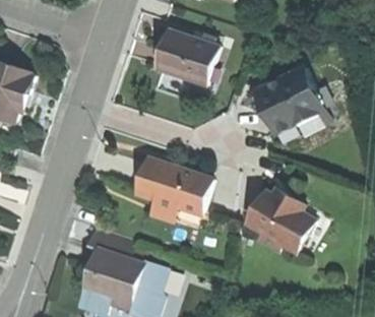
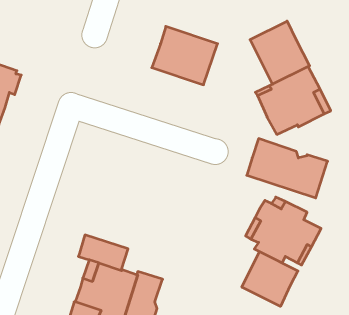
building: none -> [250,21,310,84]
building: [133,157,209,213] -> [247,139,328,198]
building: none -> [242,252,298,306]

